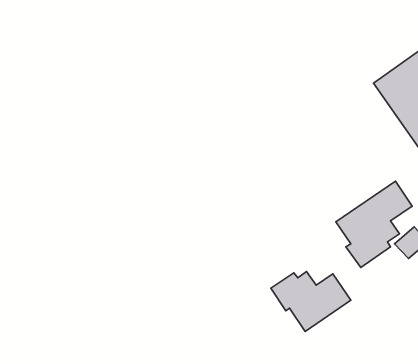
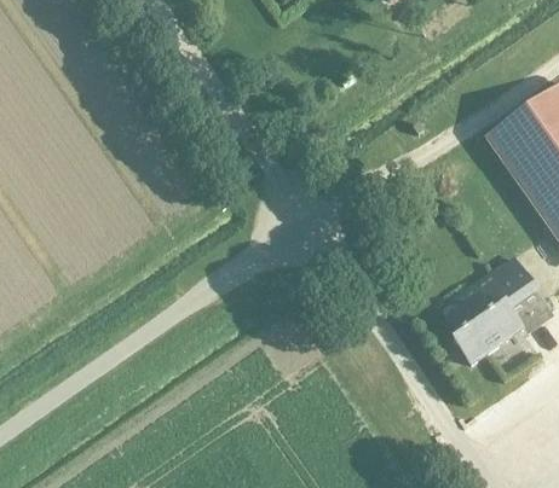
building: [271,271,351,331] -> none

